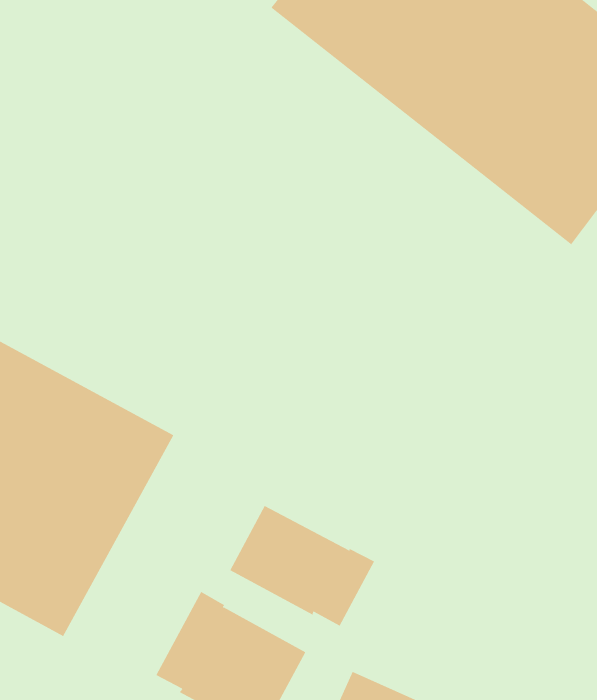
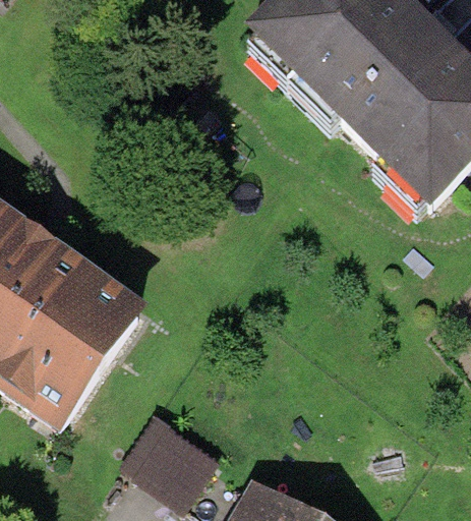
building: [229,505,375,626] -> none

